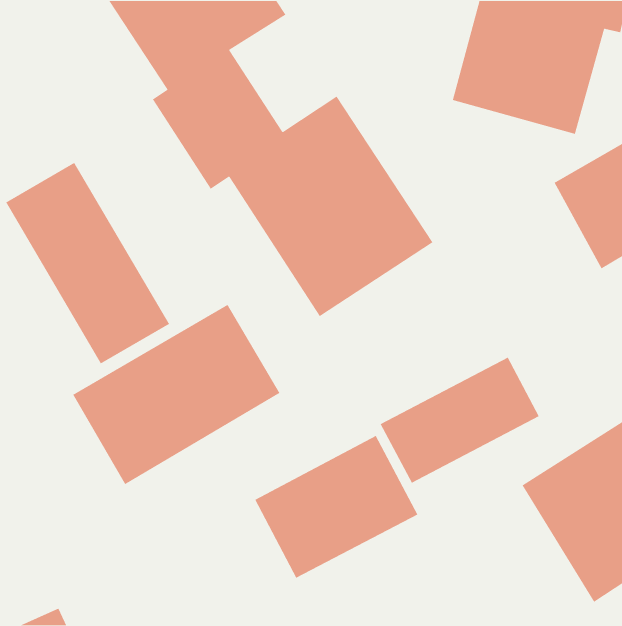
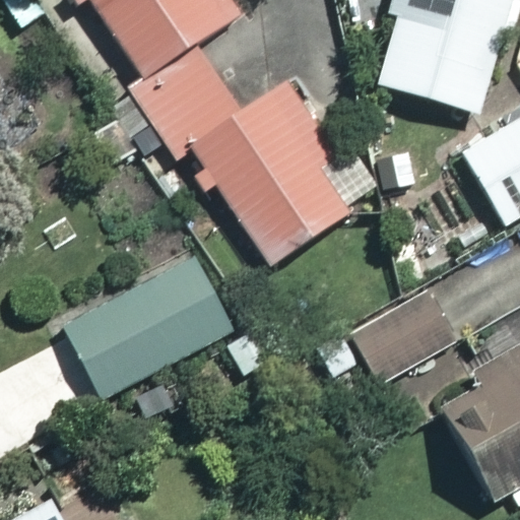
building: [5,162,170,364] -> none
building: [254,435,419,579] -> none

